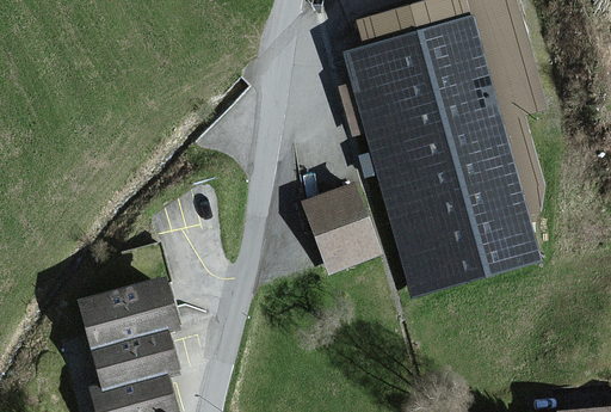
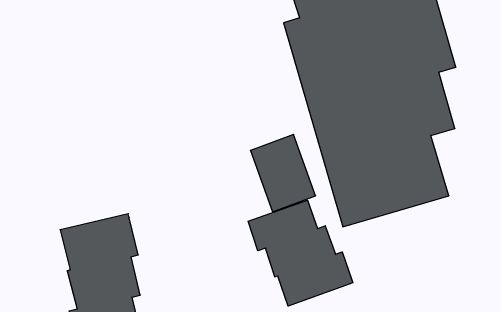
building: none -> [248,200,353,306]

